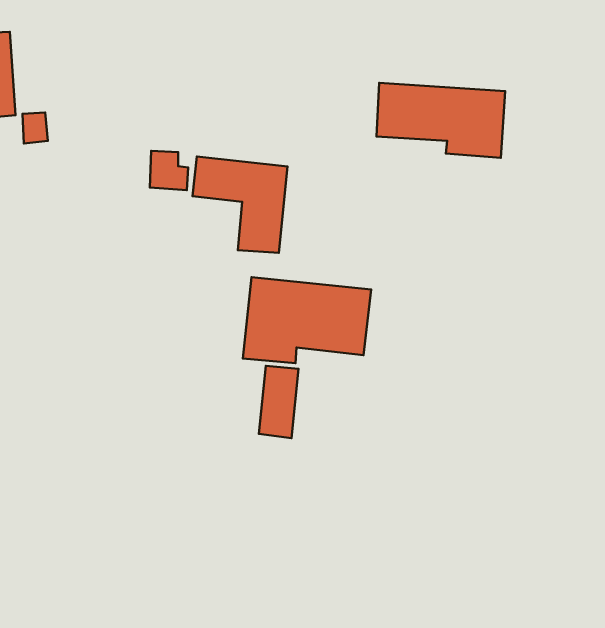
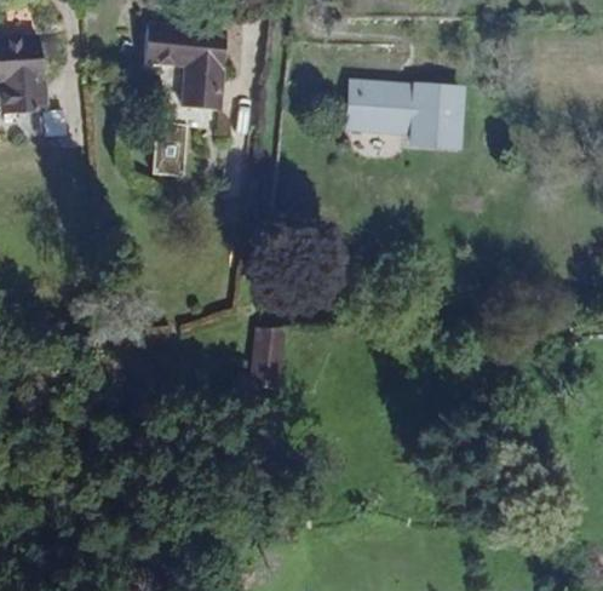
building: [193,157,287,253] -> [142,28,223,110]
building: [243,277,371,363] -> none

